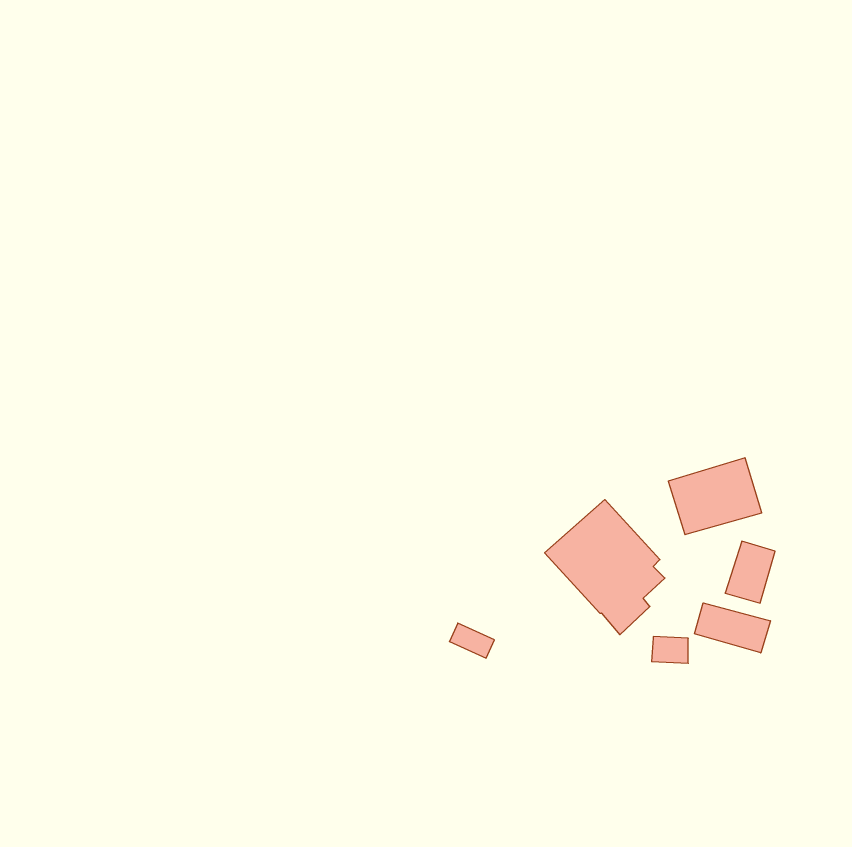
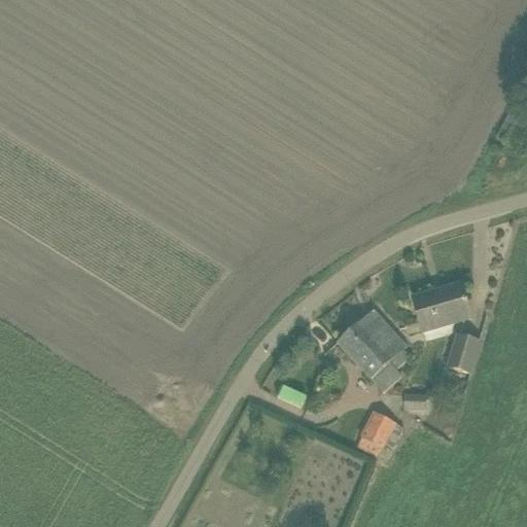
building: [695,603,770,653] -> none
building: none -> [360,411,394,447]

